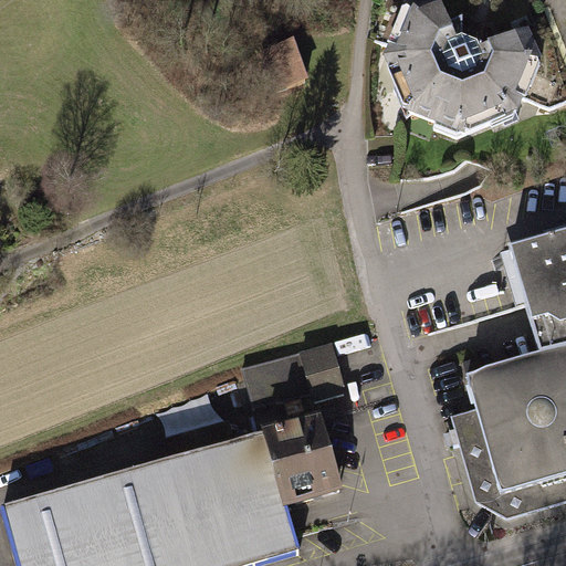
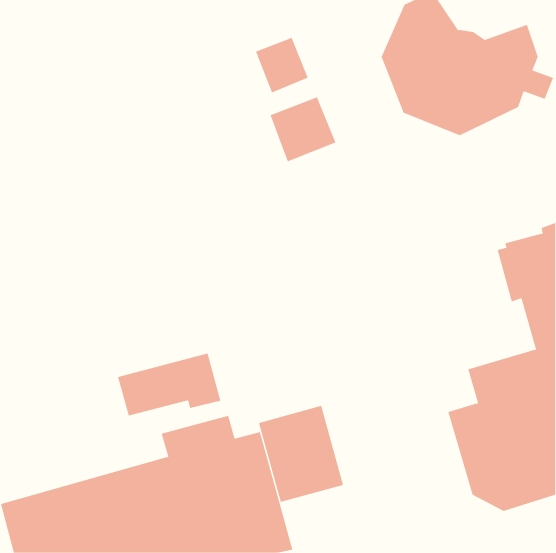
building: none -> [270,97,336,162]
building: [241,343,346,407] -> [117,353,221,416]

